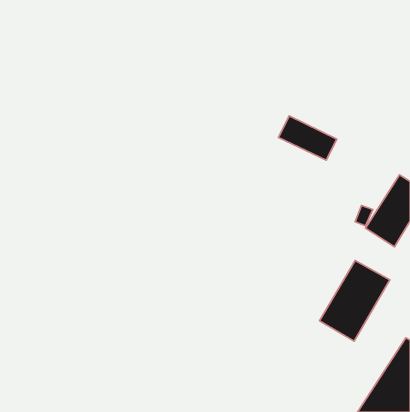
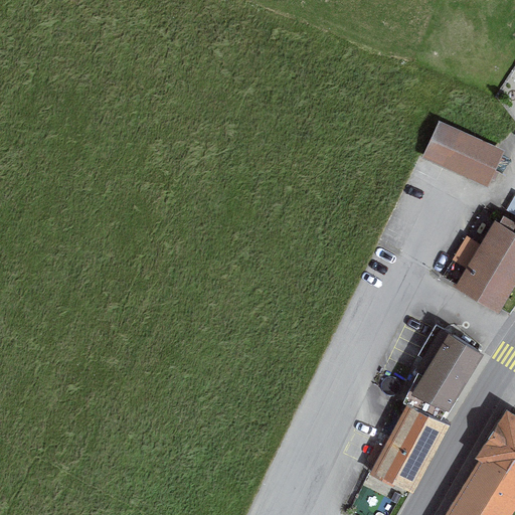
building: [279,116,337,160] -> [423,125,496,180]
building: none -> [371,407,442,491]

